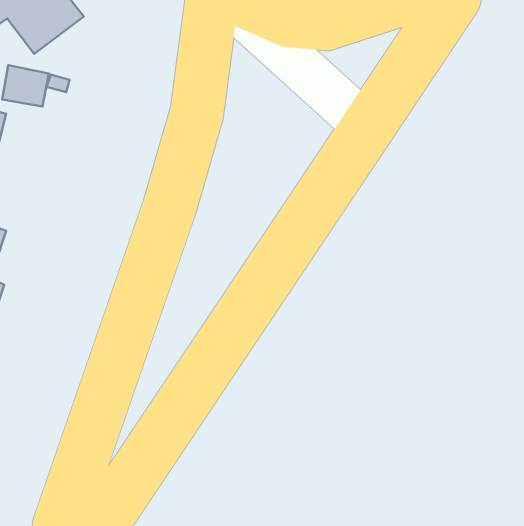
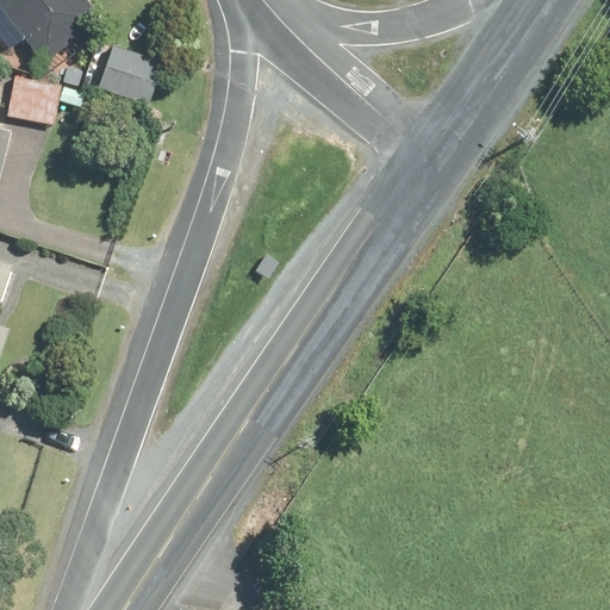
building: none -> [94,44,158,104]

